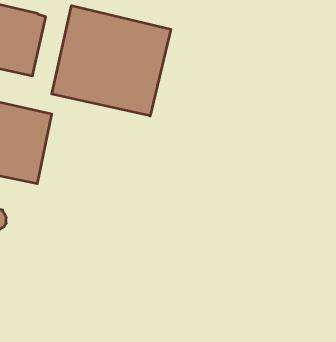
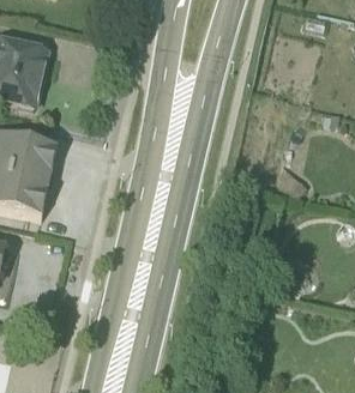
building: [52,6,171,116] -> none

